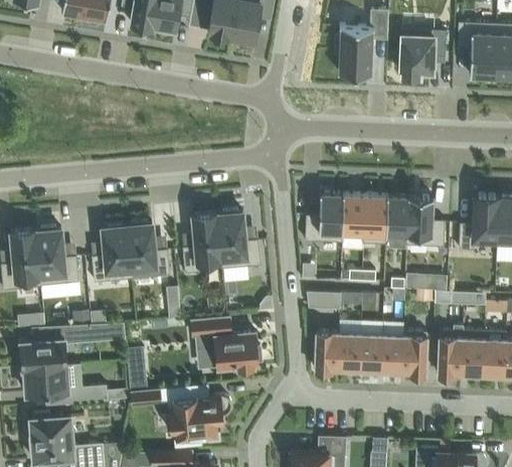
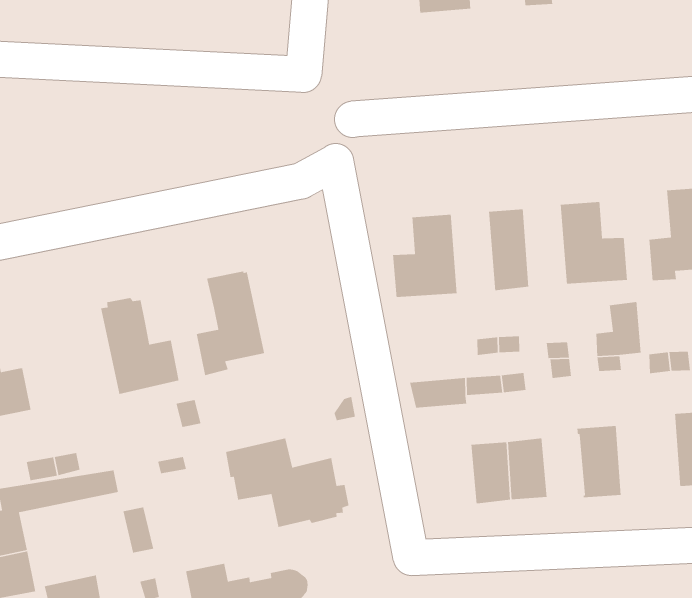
building: [342,195,366,245] -> none
building: [385,197,409,246] -> none
building: [218,211,262,270] -> none
building: [92,226,133,283] -> none
building: [438,326,464,377] -> none
building: [315,333,339,372] -> none
building: [381,335,404,372] -> none

